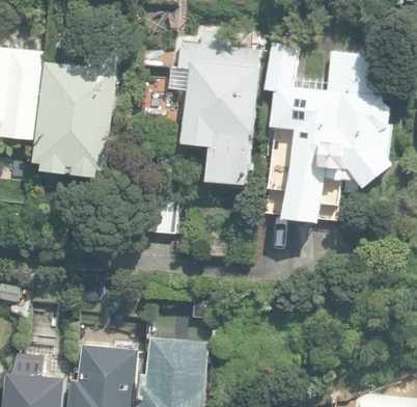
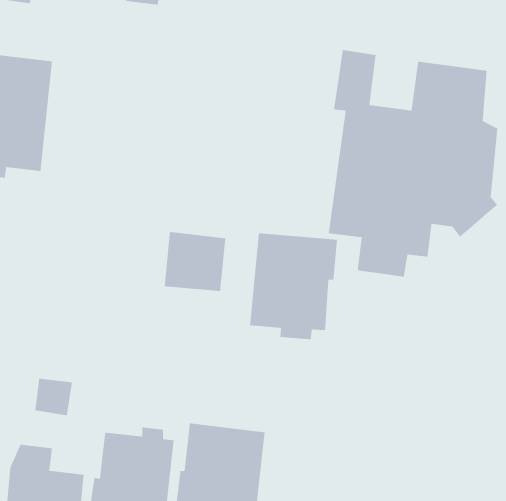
building: [167,31,259,187] -> none
building: [35,48,118,178] -> none
building: none -> [249,232,338,340]

